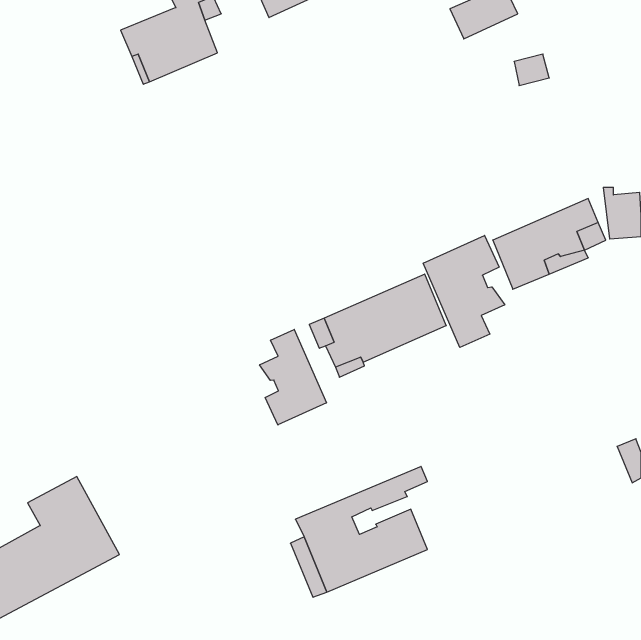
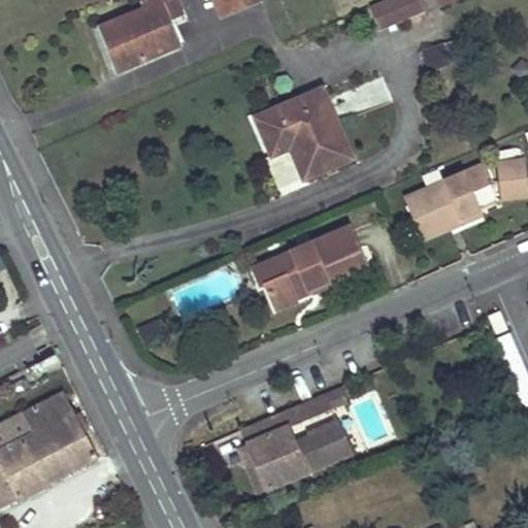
building: none -> [257,89,352,176]
building: [423,235,505,347] -> none
building: [260,329,326,425] -> none

